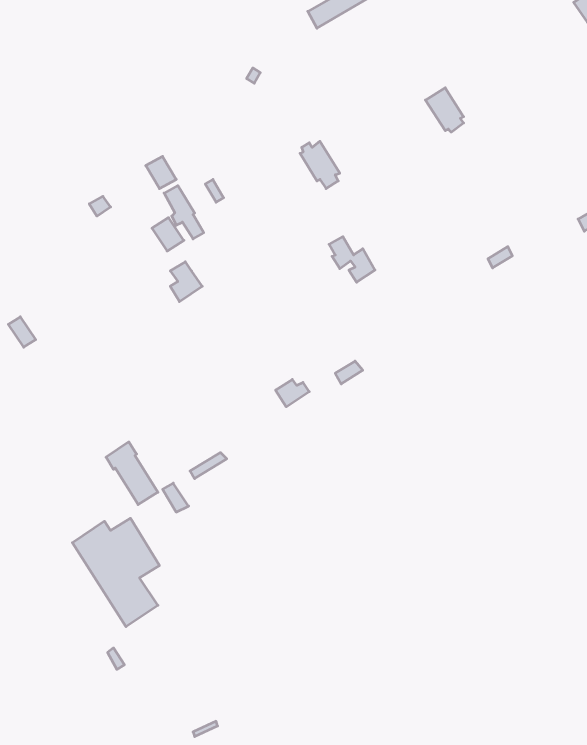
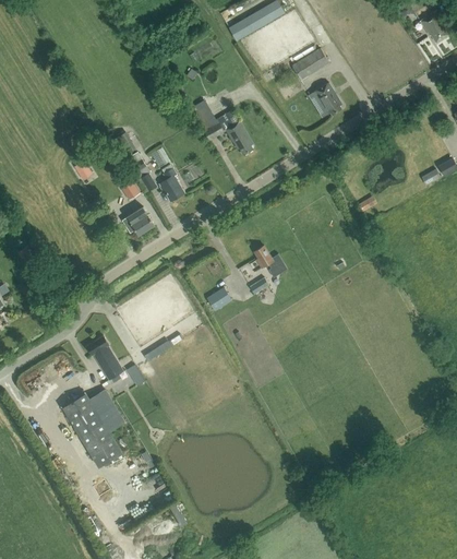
building: none -> [292,47,328,79]
building: none -> [191,99,224,139]
building: none -> [159,164,183,200]
building: [329,237,375,282] -> [254,245,287,277]

